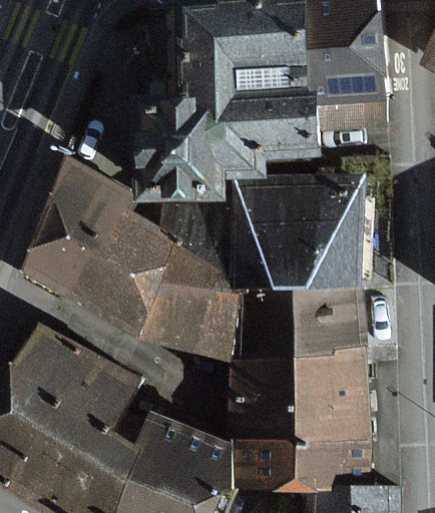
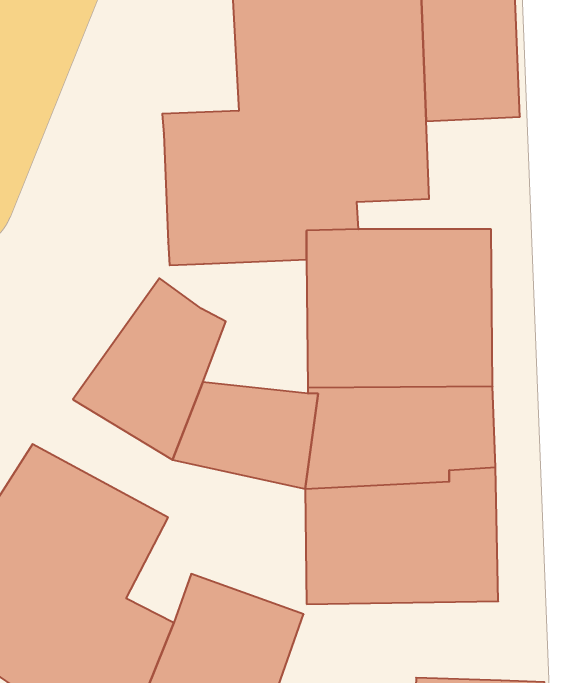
building: [29,158,138,295] -> none
building: [162,197,237,291] -> none
building: [236,435,370,484] -> none

